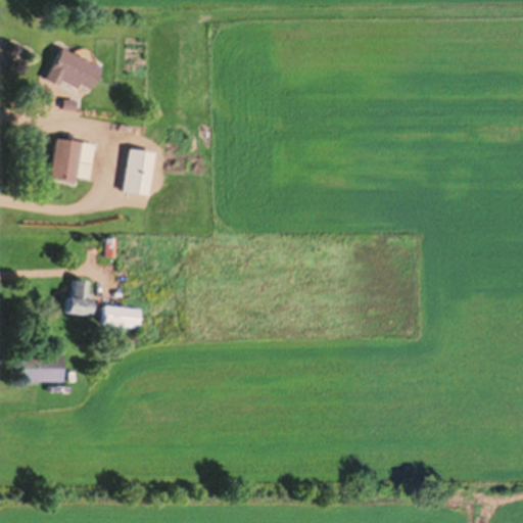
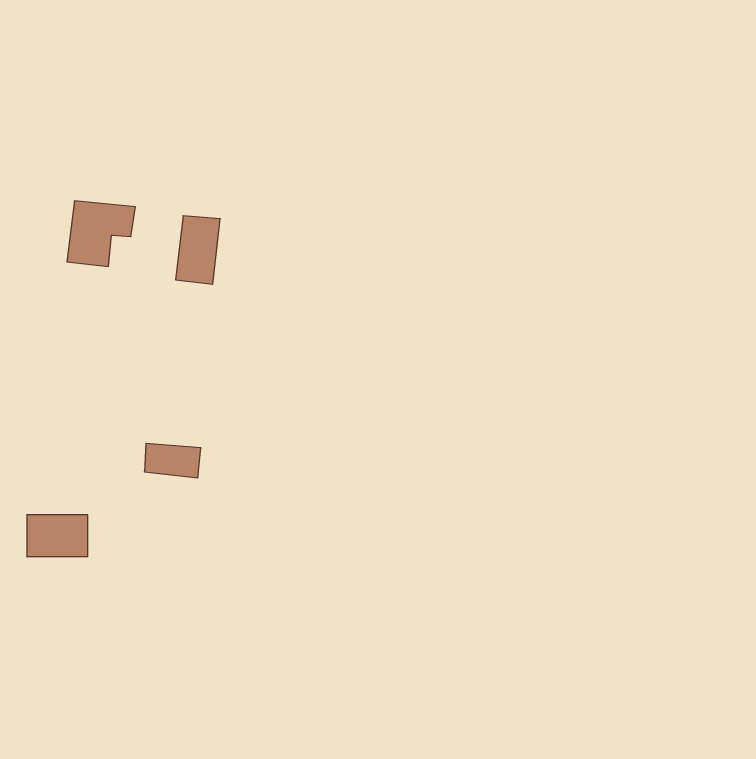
building: [48,47,102,95] -> none
building: [68,280,92,317] -> none

